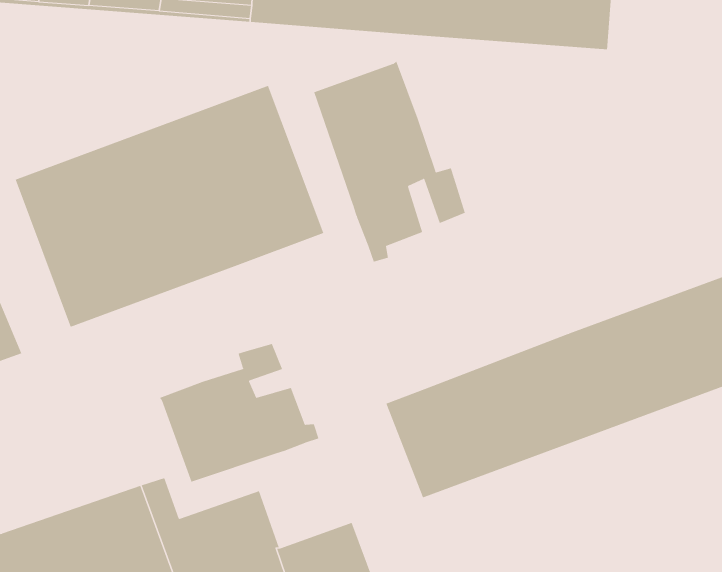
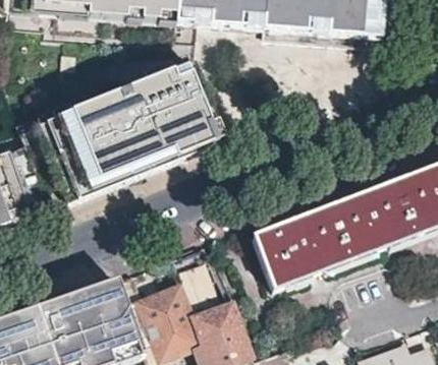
building: [313,60,465,263] -> none
building: [159,343,319,483] -> none

